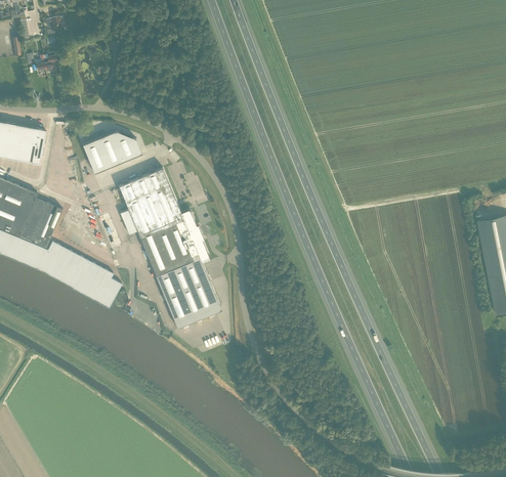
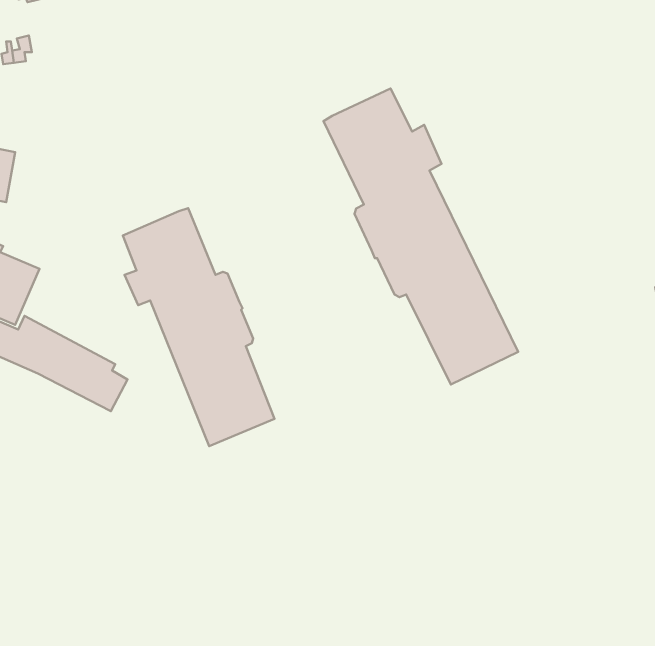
building: none -> [323,88,518,385]
building: [82,131,141,173] -> none

